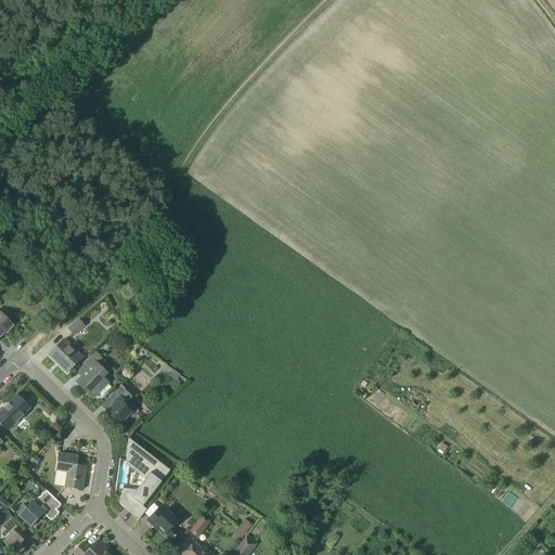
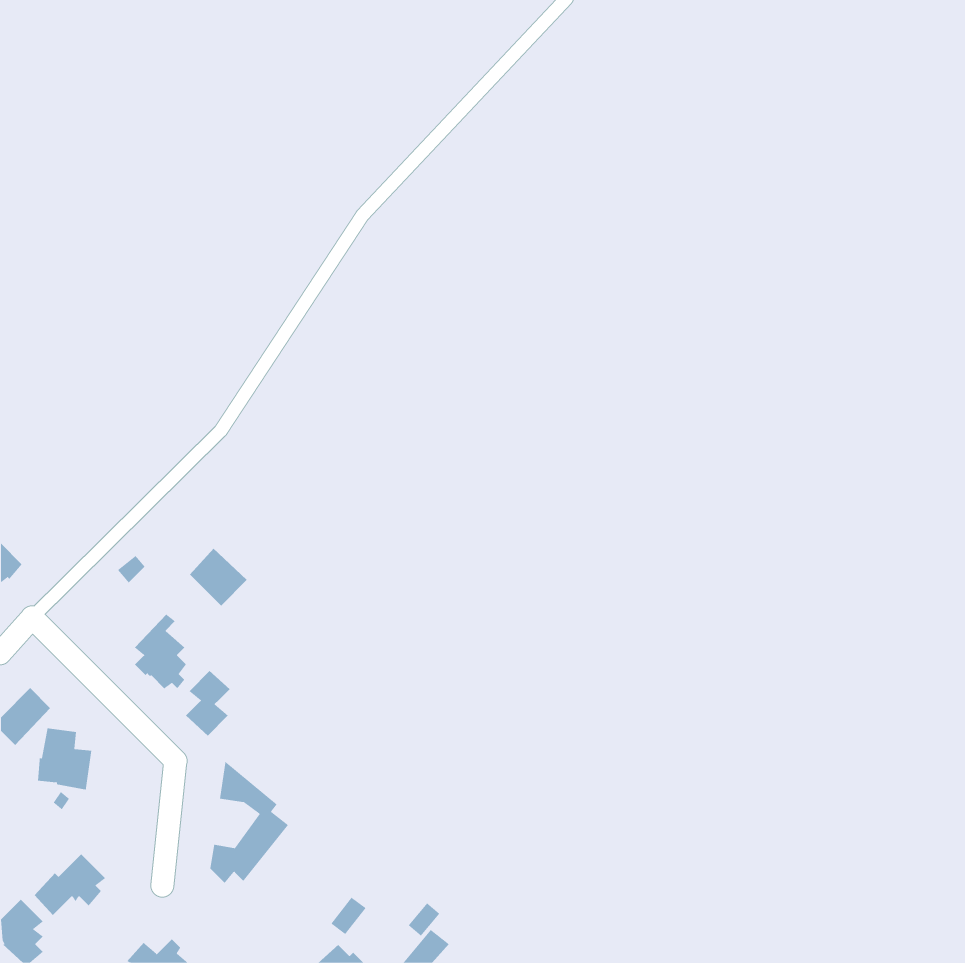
building: [49,338,82,372] -> [189,548,248,606]
building: [54,453,86,489] -> [37,728,92,790]
building: [146,507,179,540] -> none

